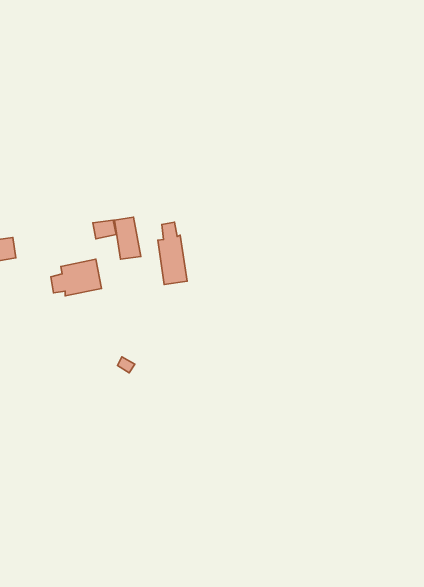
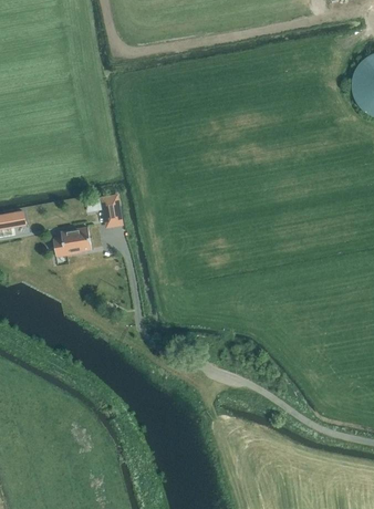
building: [158,222,187,285] -> none

